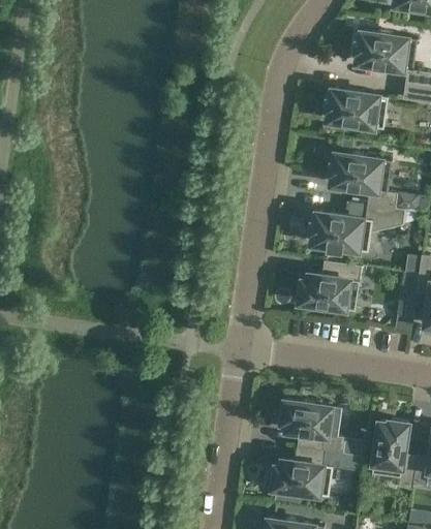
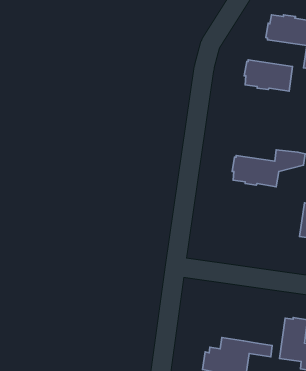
building: [329,154,397,209] -> none
building: [298,261,361,311] -> none
building: [281,401,344,455] -> none

